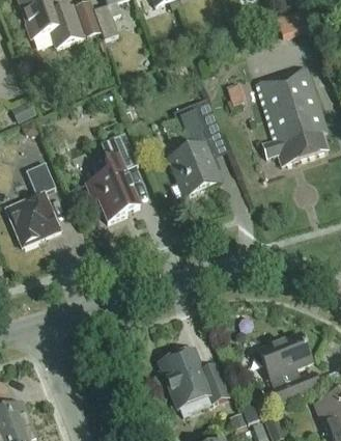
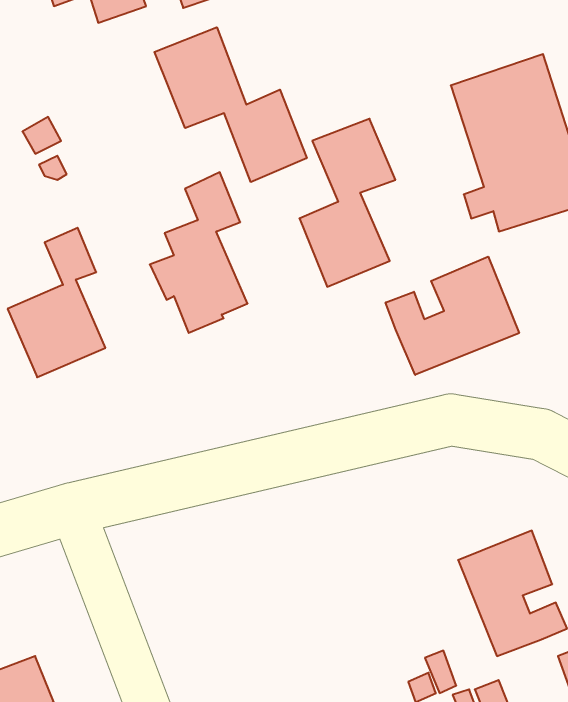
building: none -> [154,27,307,182]
building: none -> [386,257,519,375]
building: [161,349,225,406] -> none

